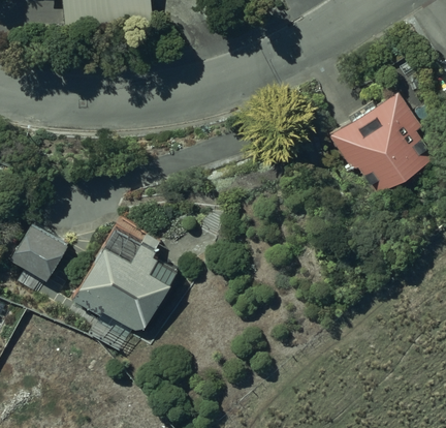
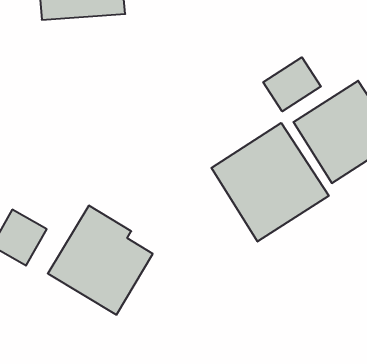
building: none -> [263,57,321,111]
building: none -> [211,123,329,242]

